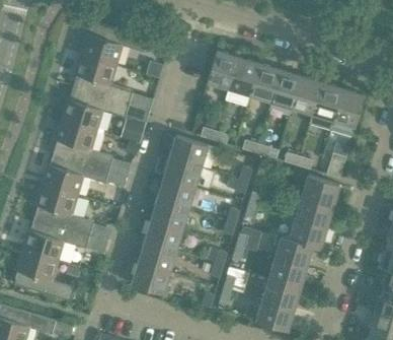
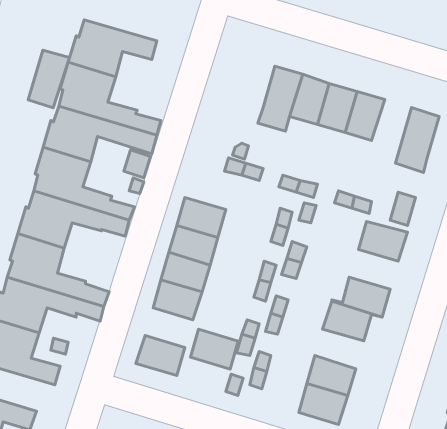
building: none -> [28,50,70,108]
building: [208,51,239,88] -> none
building: [310,82,343,131] -> none
building: [170,135,209,166] -> none
building: [296,197,333,227] -> none
building: [140,242,176,272] -> [191,329,238,369]
building: [269,258,307,288] -> none

